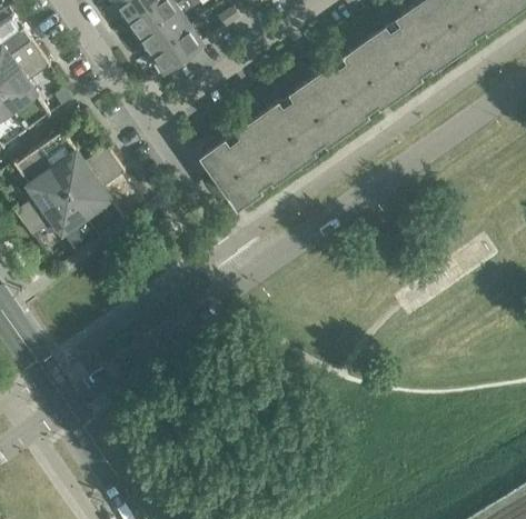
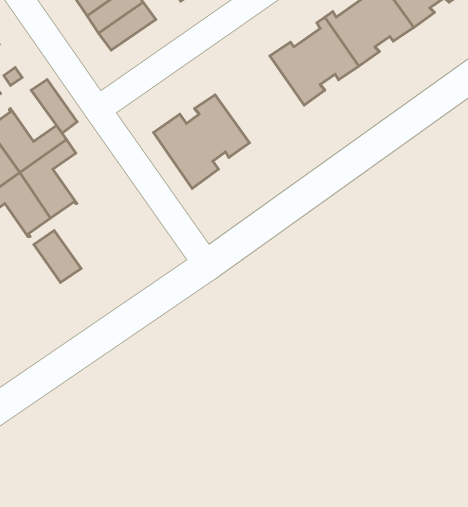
building: [260,79,347,163] -> none
building: none -> [31,79,77,133]
building: none -> [34,230,81,282]

